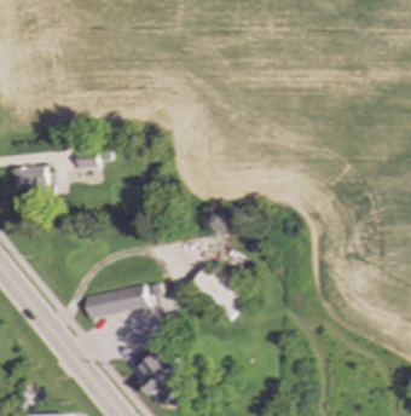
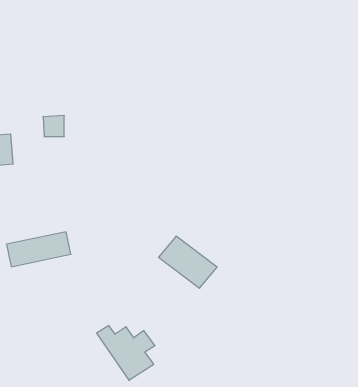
building: [82,284,145,318] -> [6,232,71,267]

